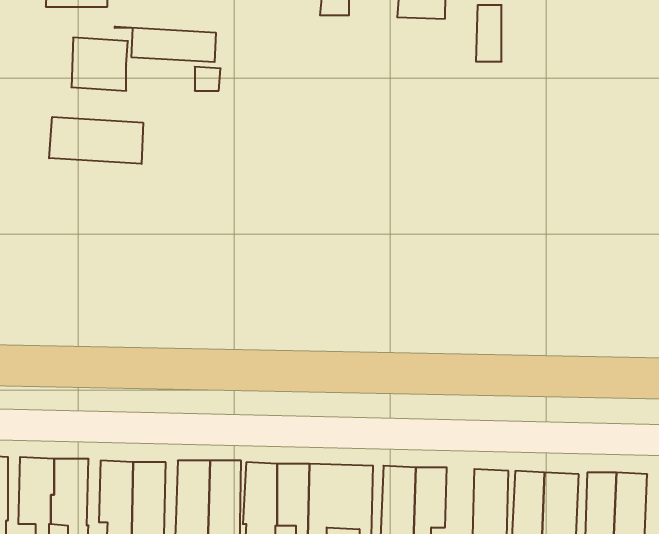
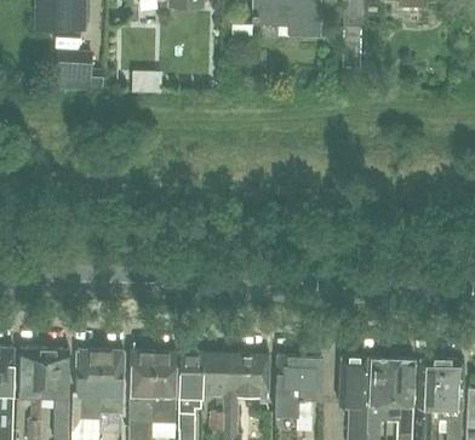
building: [115,26,216,62] -> none
building: [49,117,143,164] -> none

